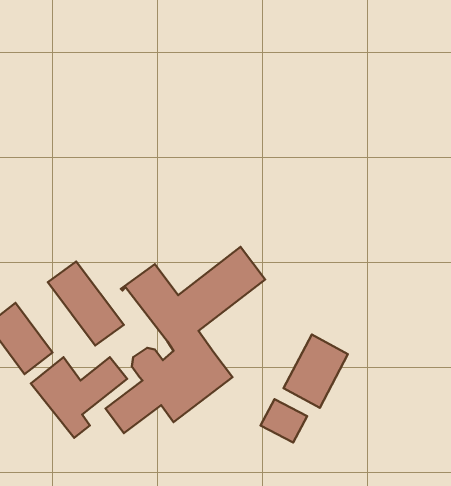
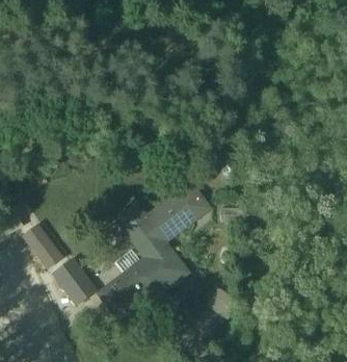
building: [48,262,124,345] -> none
building: [284,334,348,408] -> none

